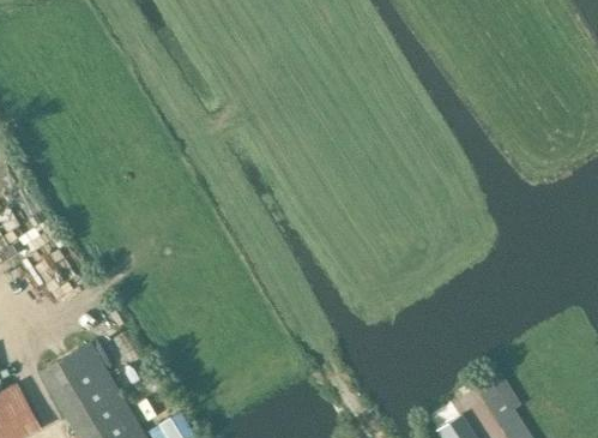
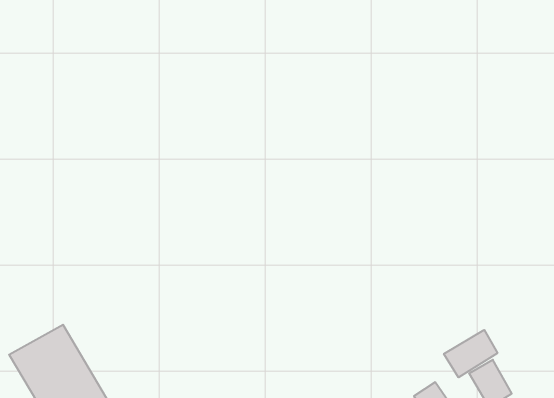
building: none -> [444,330,497,377]

